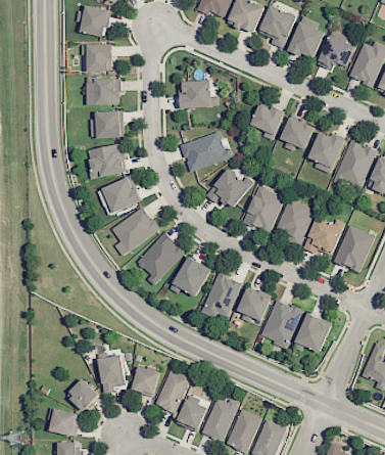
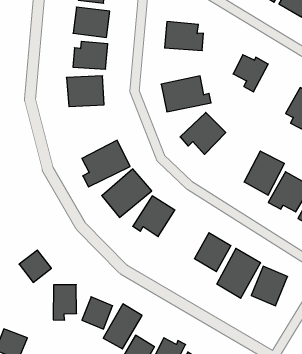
building: [280,117,315,149] -> none
building: [102,175,143,213] -> none
building: [243,185,286,233] -> none
building: [201,272,242,321] -> none
building: [66,378,99,411] -> [19,250,51,282]

